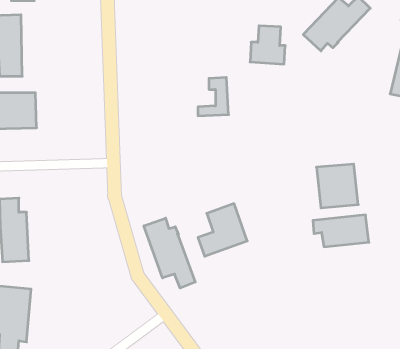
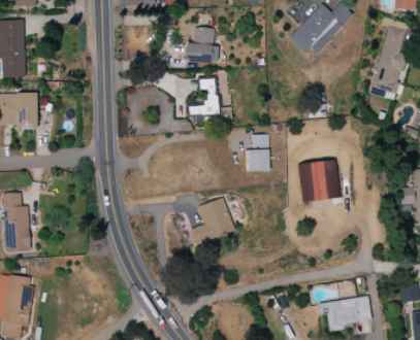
building: [250,26,285,64] -> [185,27,218,63]
building: none -> [248,134,269,171]
building: [313,215,369,247] -> [318,297,370,327]
building: [144,218,195,288] -> none

